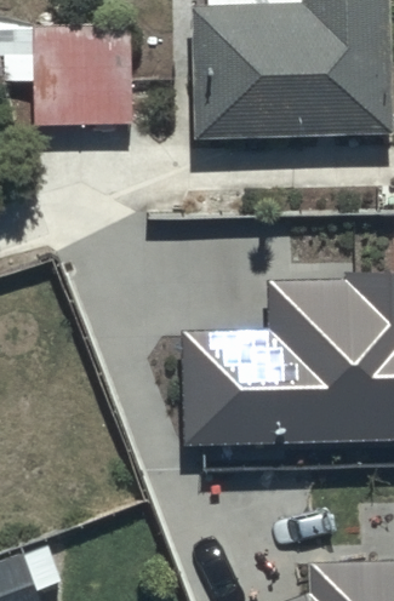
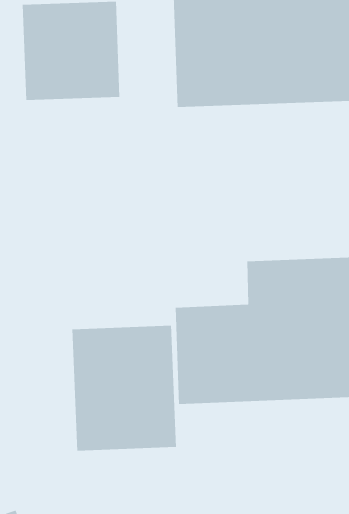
building: none -> [72,325,176,451]

